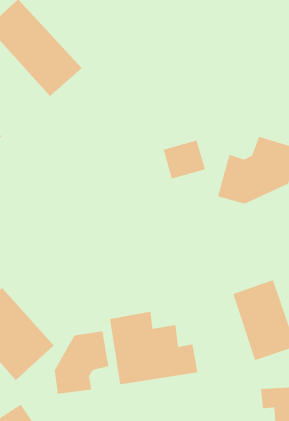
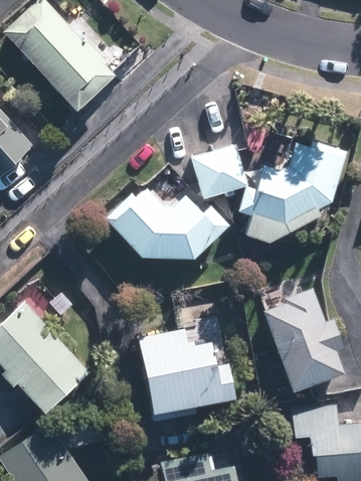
building: none -> [114,193,220,258]
building: [54,330,109,395] -> none

